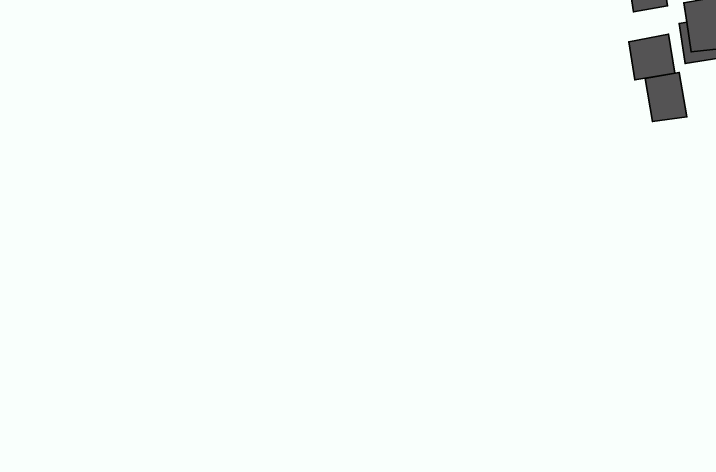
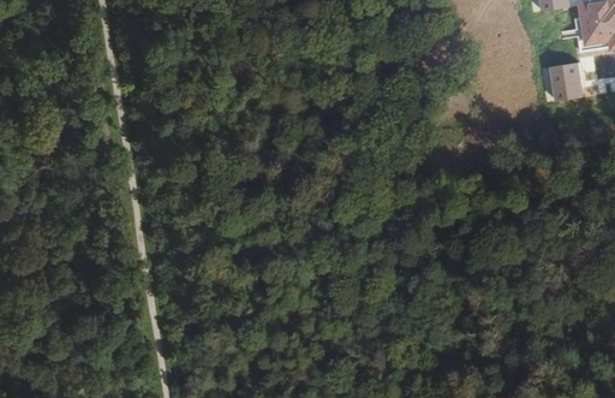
building: [629,34,675,80] -> none

